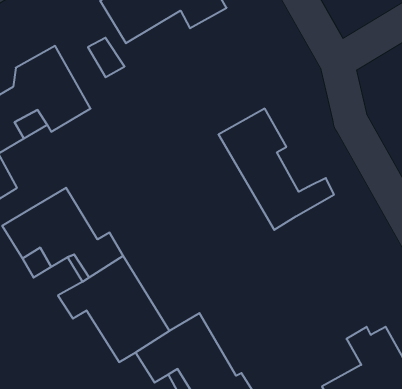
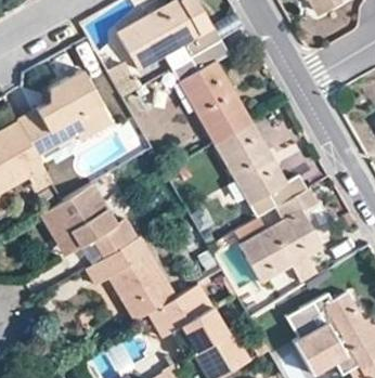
building: none -> [170,40,249,141]
building: none -> [240,188,321,279]

